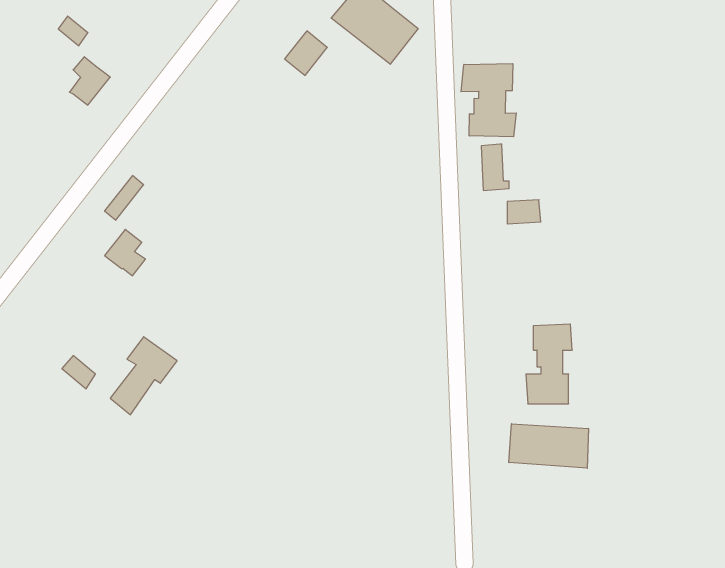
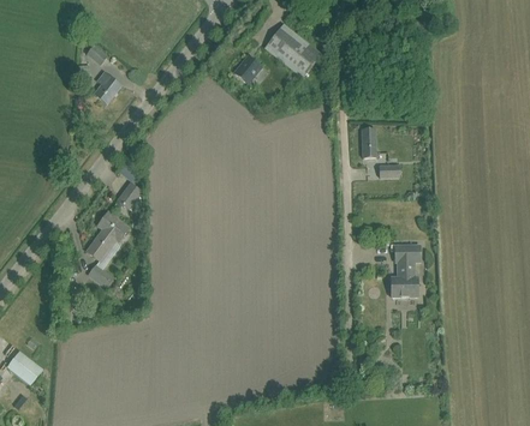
building: [461,64,516,137] -> none
building: [110,337,177,415] -> [85,210,129,260]
building: [509,424,588,468] -> none

